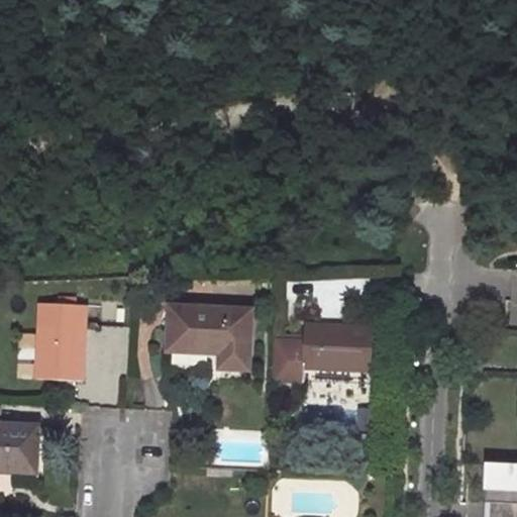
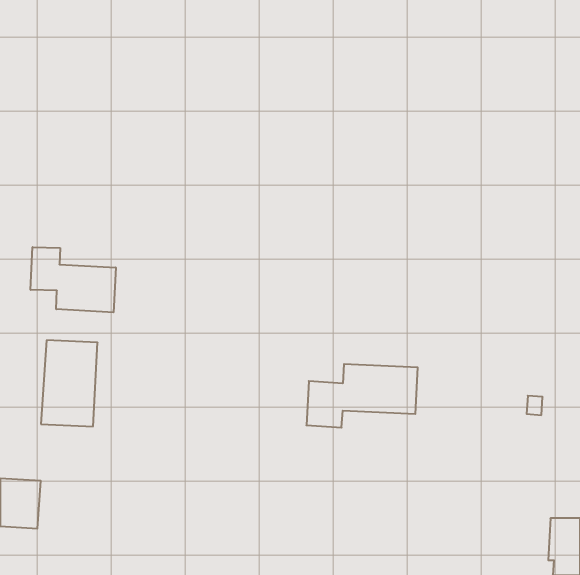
building: none -> [31,247,116,312]
building: [168,306,250,367] -> none

